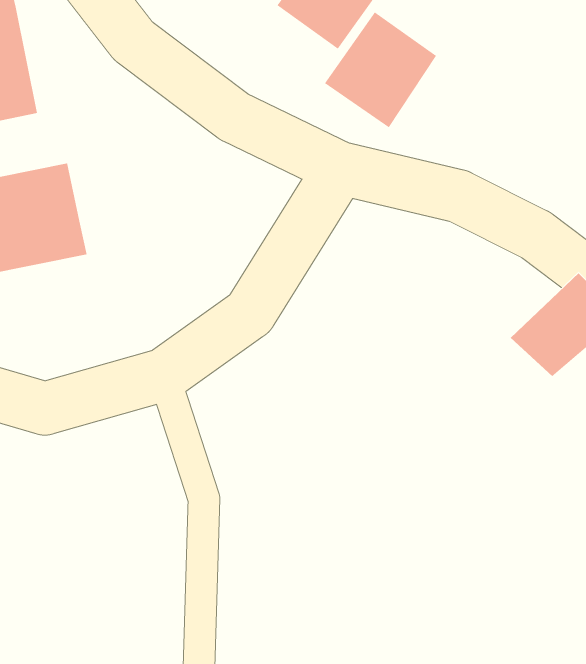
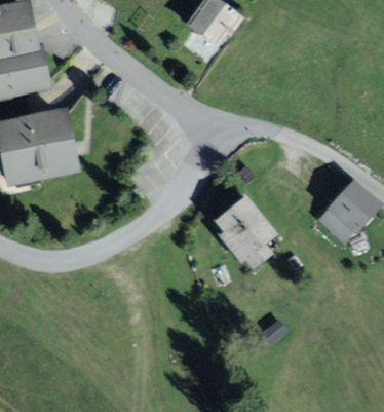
building: [324,12,437,128] -> none
building: none -> [222,199,276,255]

